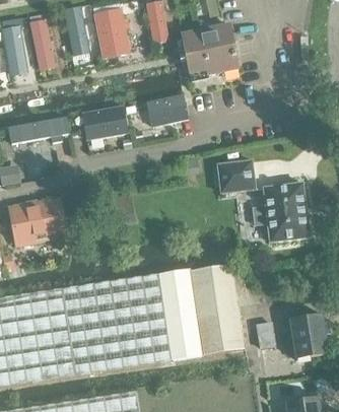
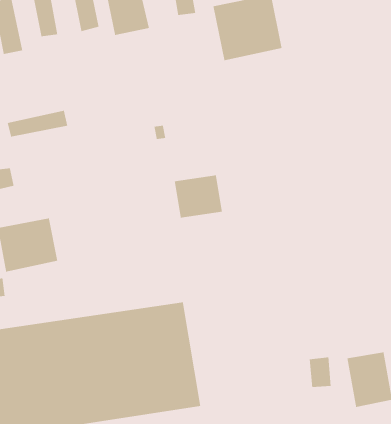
building: [147,94,188,126] -> none
building: [81,109,129,139] -> none
building: [216,158,256,194] -> [174,175,223,218]
building: [251,181,309,243] -> none
building: [157,264,245,359] -> none

